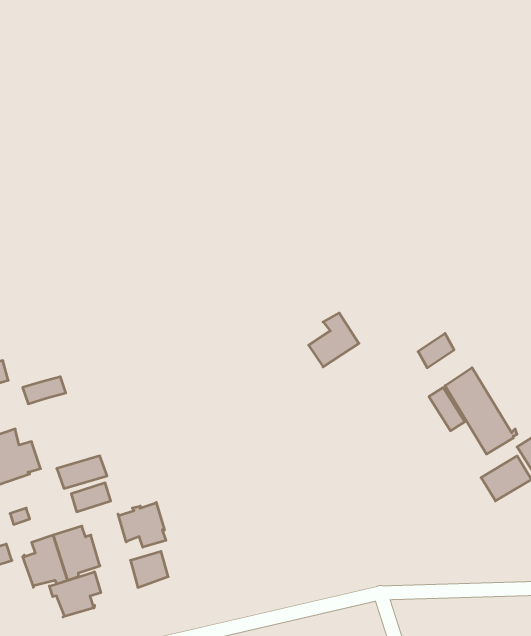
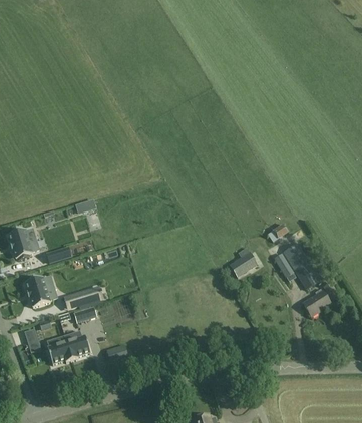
building: [309,313,359,367] -> [229,247,257,277]
building: [118,502,166,547] -> none
building: [49,572,101,617] -> none

